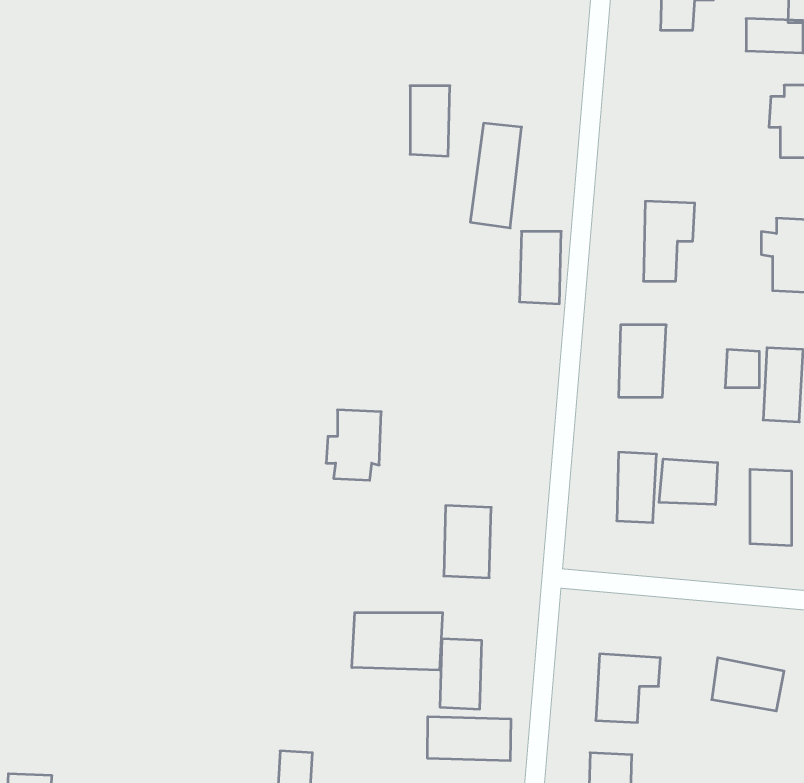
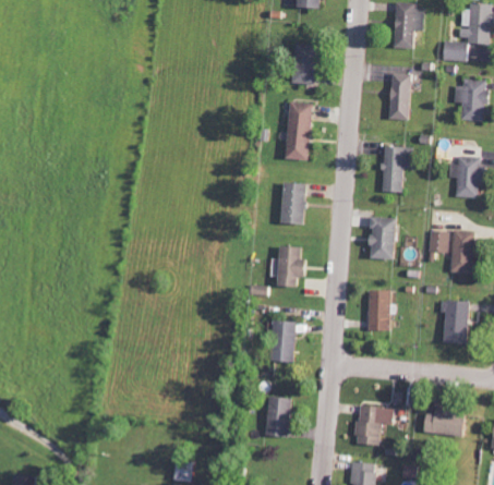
building: none -> [388,73,409,120]
building: [410,86,450,156] -> [291,44,314,84]
building: [519,231,561,304] -> [281,183,305,225]
building: [326,410,381,480] -> [272,246,303,287]
building: [659,459,718,505] -> none
building: [352,613,443,670] -> none
building: [428,717,511,761] -> none

